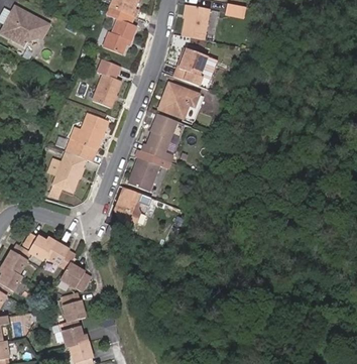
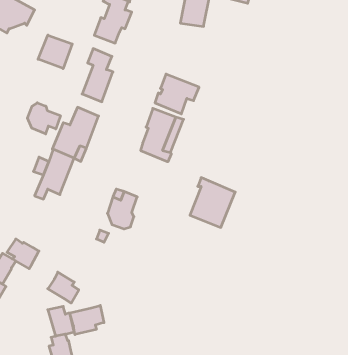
building: none -> [38,35,72,69]
building: [173,47,207,86] -> none
building: none -> [27,103,60,134]
building: [128,148,169,194] -> [190,178,235,227]
building: [45,240,74,268] -> none
building: none -> [70,305,104,335]

